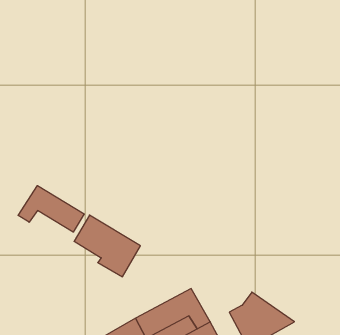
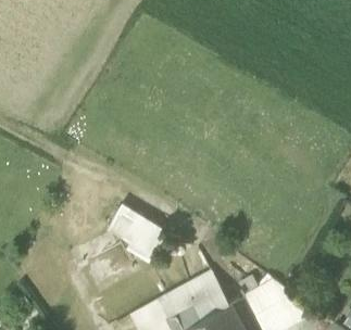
building: [18,186,84,232] -> none

